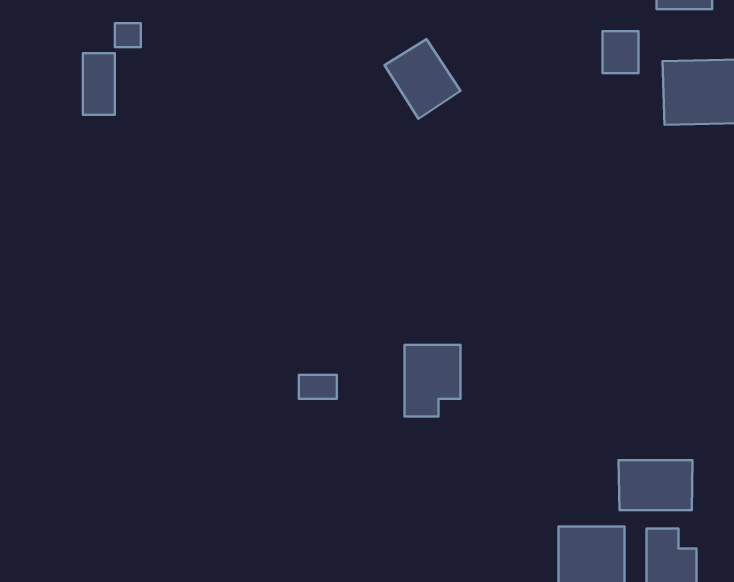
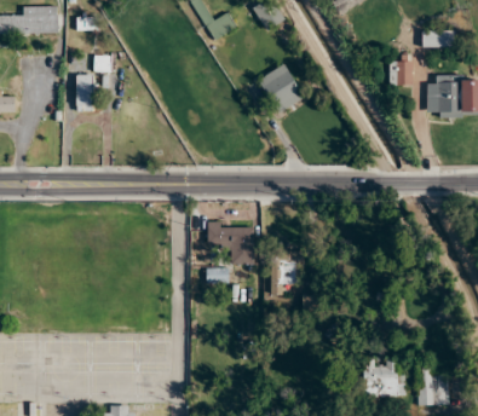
building: none -> [207,221,254,262]
building: [618,460,692,510] -> none

